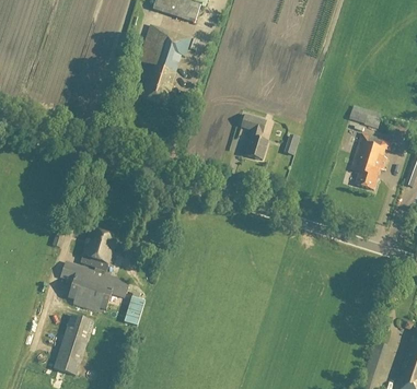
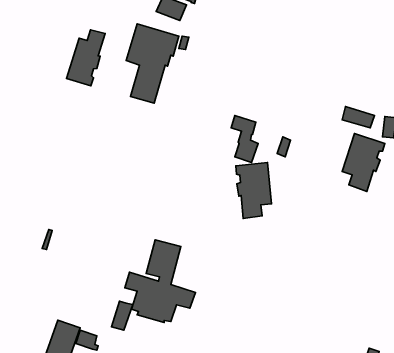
building: none -> [66,30,105,86]
building: none -> [236,163,271,218]
building: [60,231,129,311] -> [125,240,195,323]

